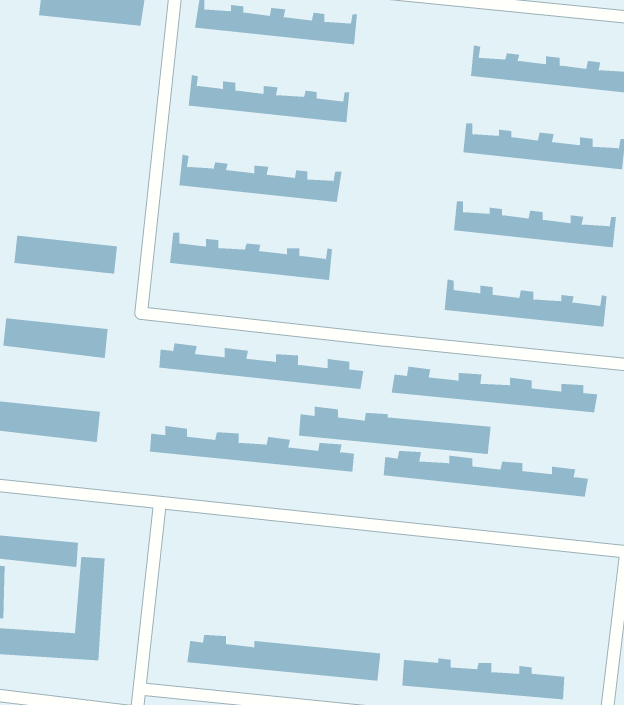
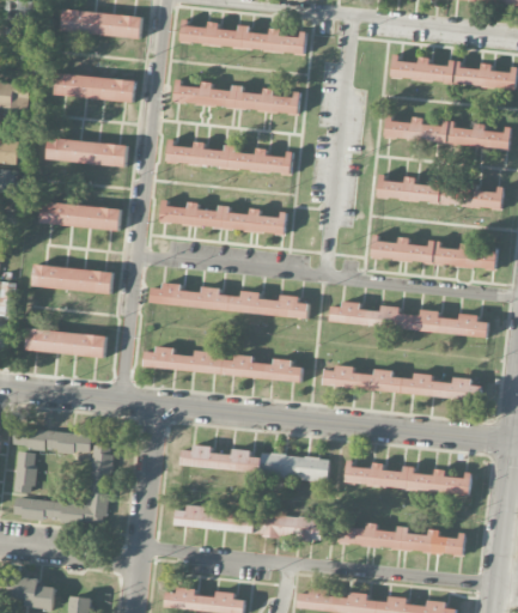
building: none -> [51,72,134,102]
building: none -> [45,136,127,166]
building: [298,406,492,455] -> [179,444,328,481]
building: none -> [343,462,470,494]

